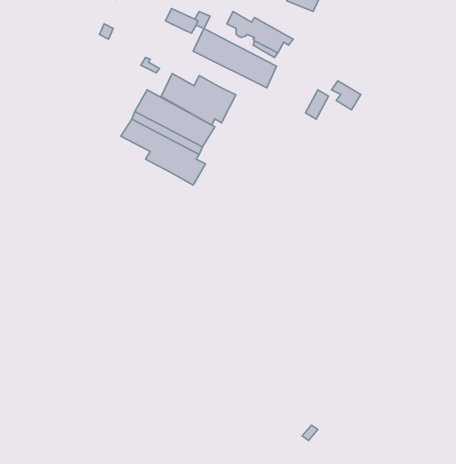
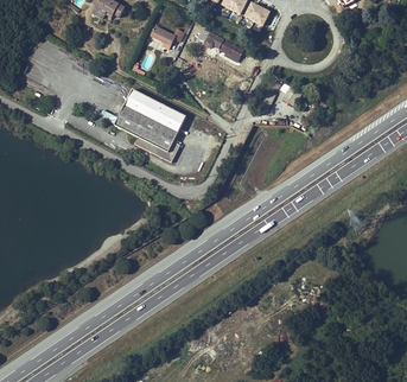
building: [193,28,276,88] -> none
building: [161,73,236,125] -> none

